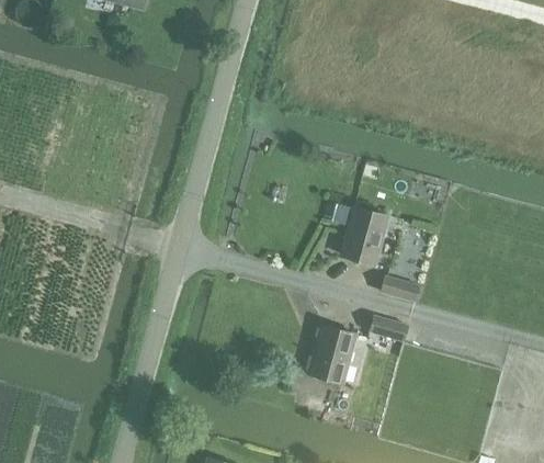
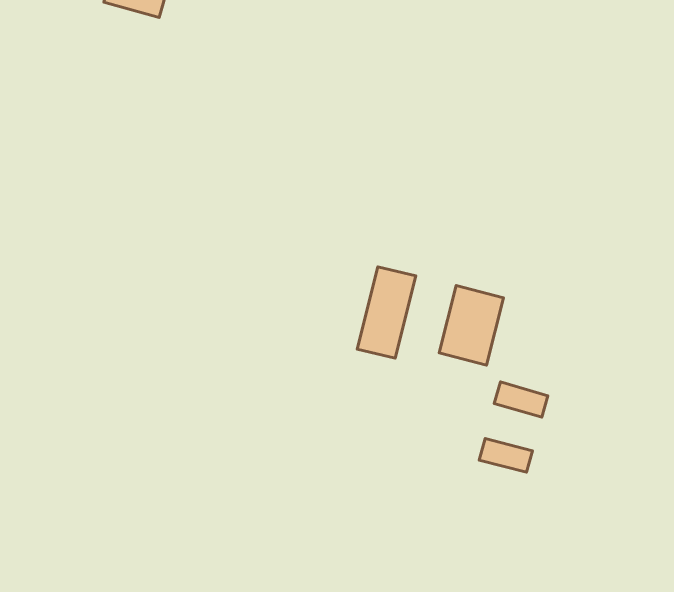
building: none -> [357,267,416,358]
building: [309,325,355,382] -> none

